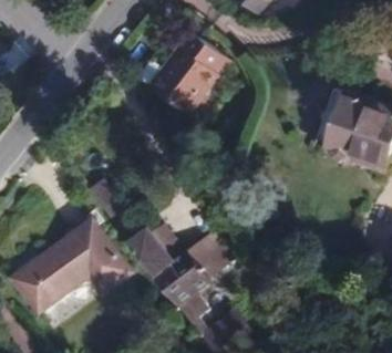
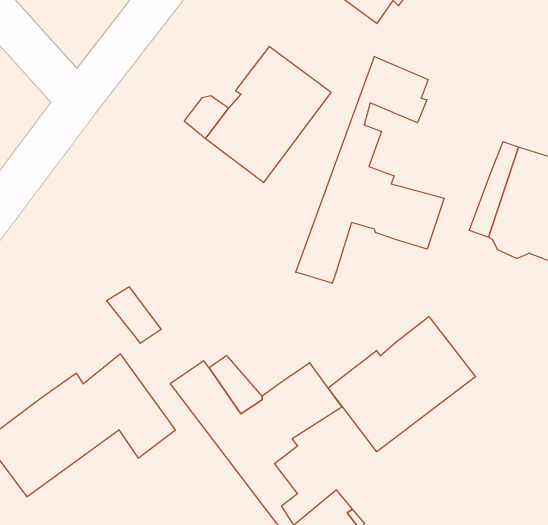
building: none -> [296,56,444,283]
building: none -> [328,317,475,452]

